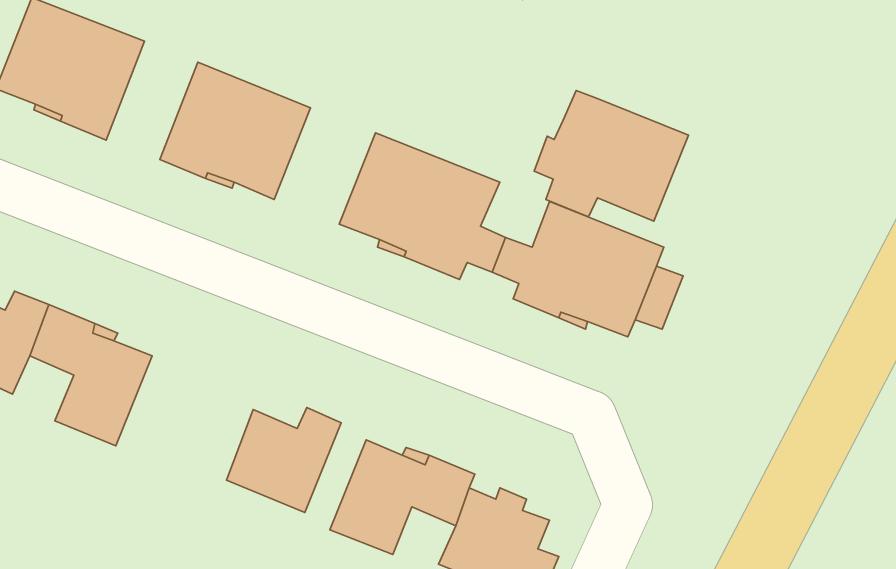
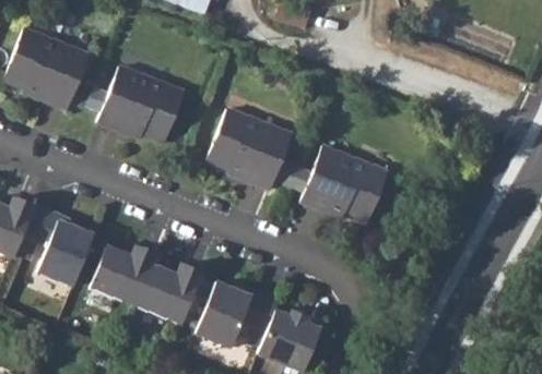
building: [534,90,688,221] -> none
building: none -> [89,244,156,304]

